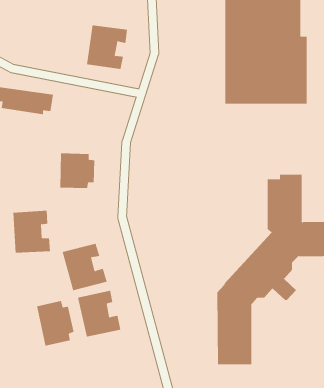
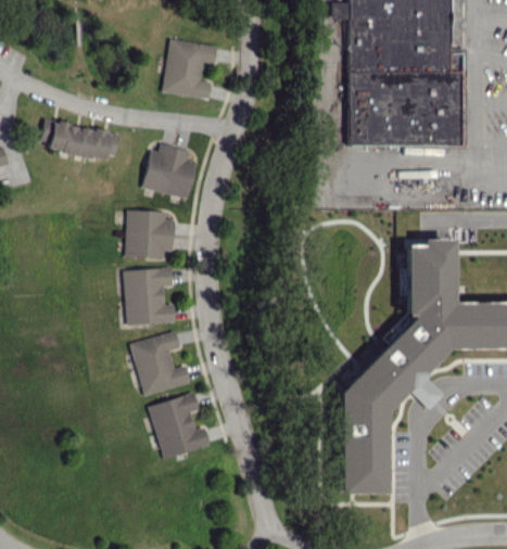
building: none -> [143,144,198,197]
building: [12,210,51,253] -> [125,267,176,324]
building: [36,300,74,346] -> none

